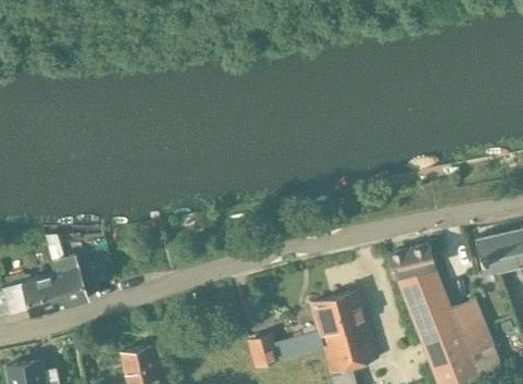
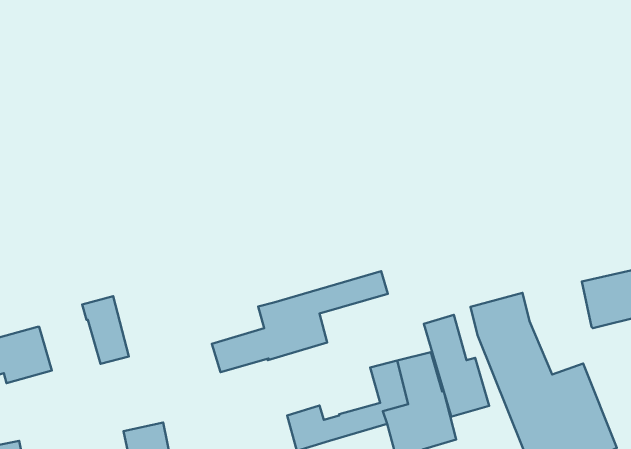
building: none -> [212,271,388,372]
building: [52,253,88,306] -> [82,296,129,364]
building: none -> [424,315,489,416]

